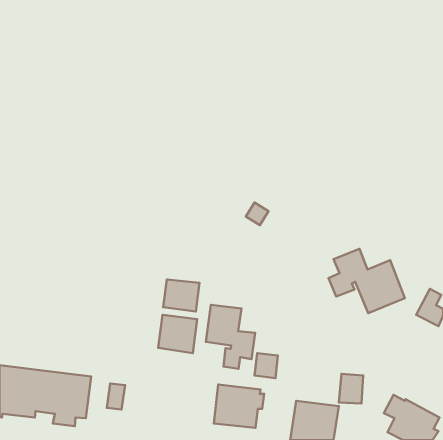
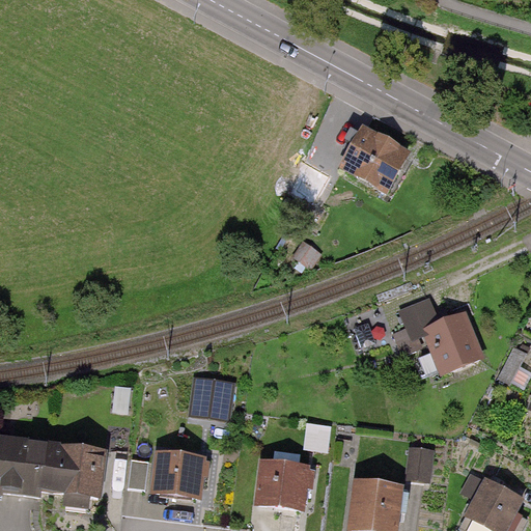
building: none -> [336,130,403,194]
building: [163,279,200,312] -> none
building: [206,305,255,369] -> none
building: none -> [148,449,211,499]

